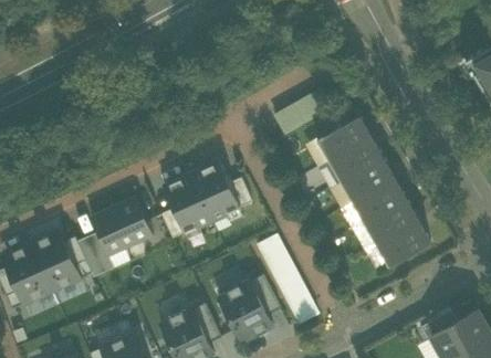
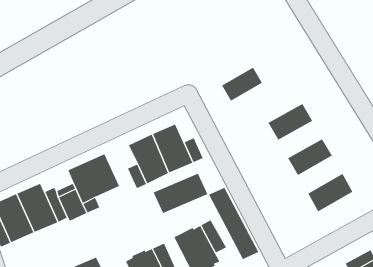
building: [317,115,372,160] -> none
building: [342,158,395,202] -> none
building: [365,199,419,244] -> none
building: none -> [153,173,208,214]

